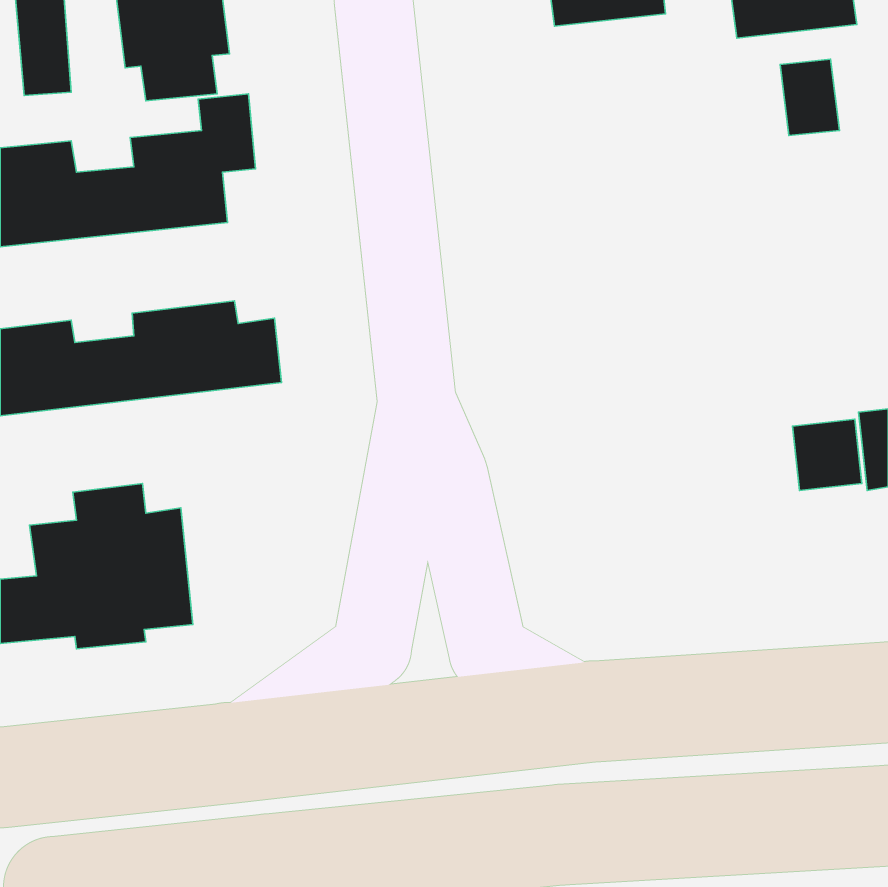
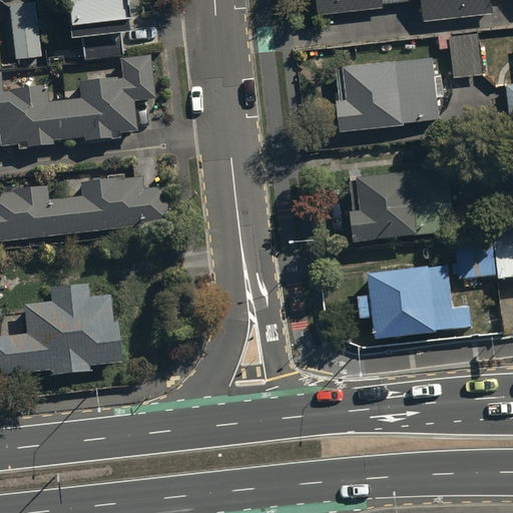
building: none -> [335,57,441,133]
building: none -> [352,176,419,247]
building: none -> [370,271,473,346]

